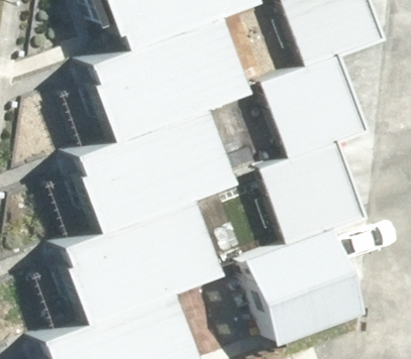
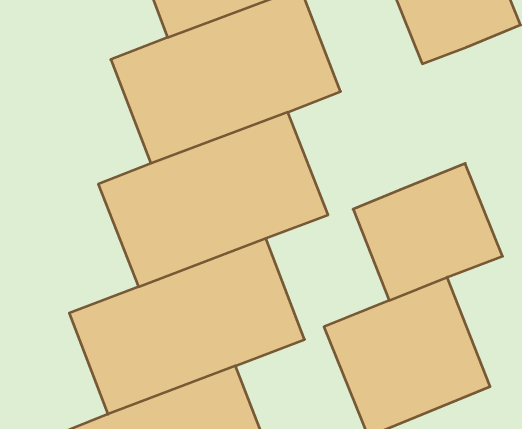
building: [266,61,373,164] -> none

